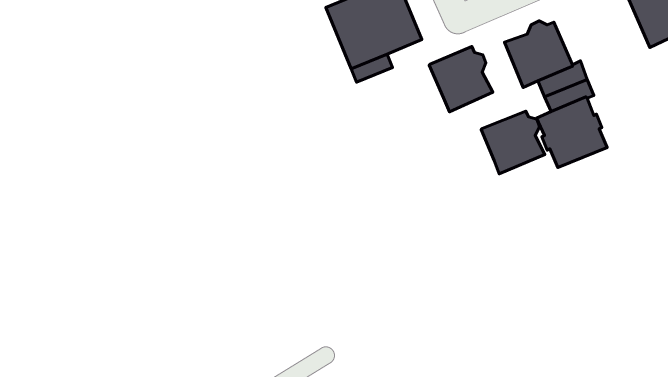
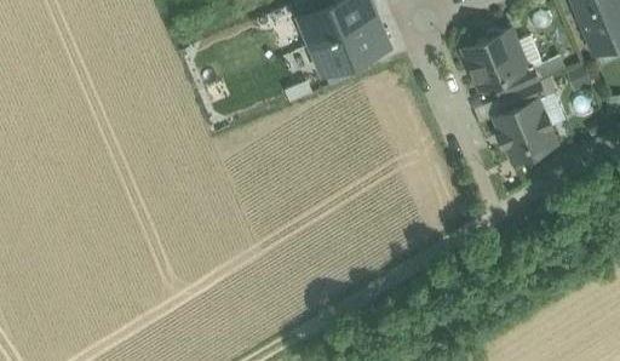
building: [429,46,493,112] -> none
building: [481,111,545,174] -> none

